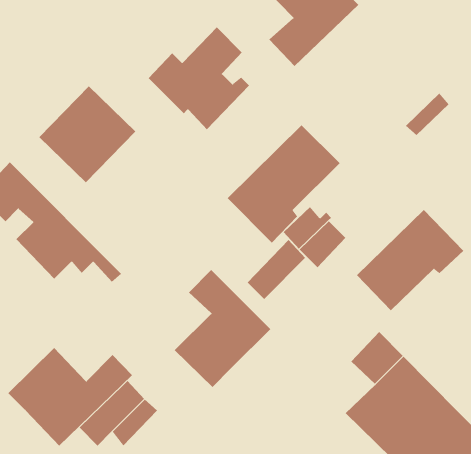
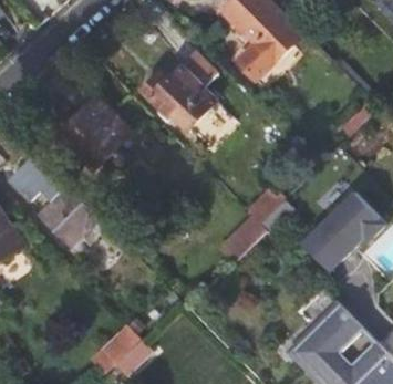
building: [227,124,341,243] -> none
building: [174,269,271,388] -> none
building: [8,347,133,447] -> none

